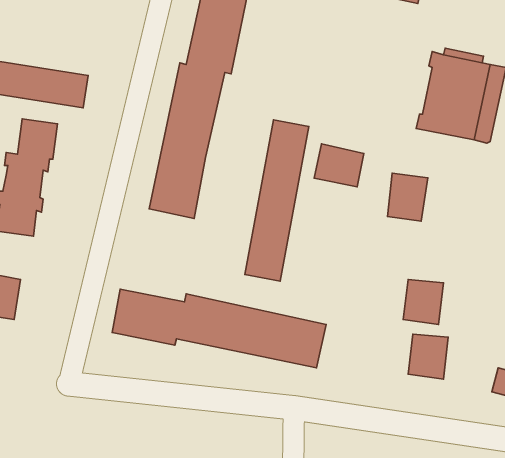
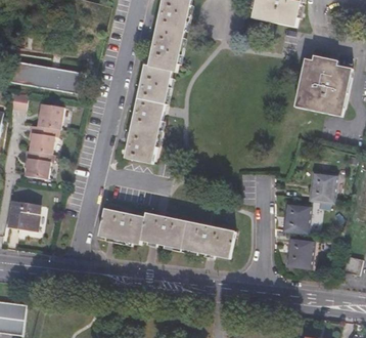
building: [245,120,309,281] -> none
building: [314,144,364,187] -> none
building: [387,173,428,221] -> [312,170,337,201]

